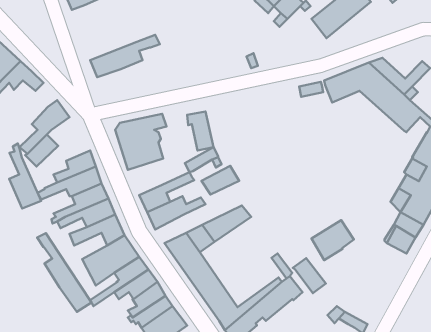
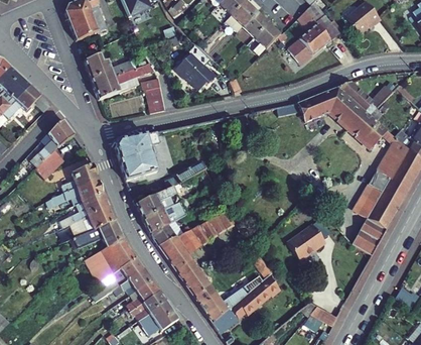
building: none -> [175,51,216,89]
building: none -> [84,53,134,84]
building: [187,112,213,150] -> [142,78,165,112]
building: [9,144,41,208] -> none
building: [201,166,239,195] -> [150,220,183,245]
building: [37,233,91,312] -> none
building: [293,258,326,293] -> none

